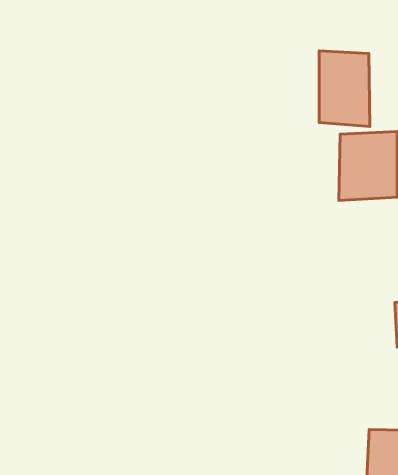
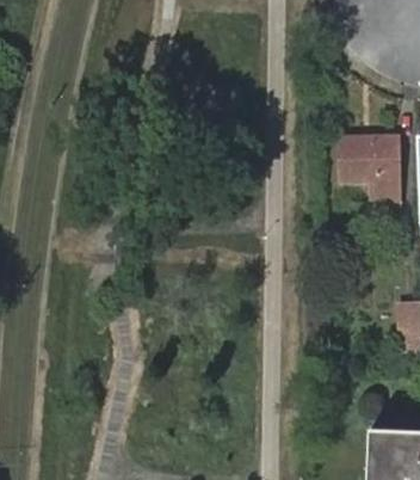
building: [319,51,370,126] -> none

